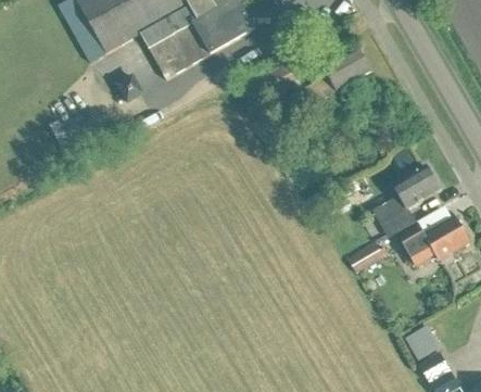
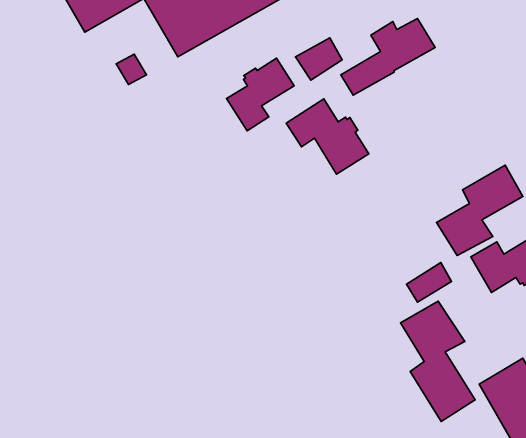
building: none -> [226,58,294,131]
building: none -> [286,99,369,174]
building: none -> [401,301,475,421]

